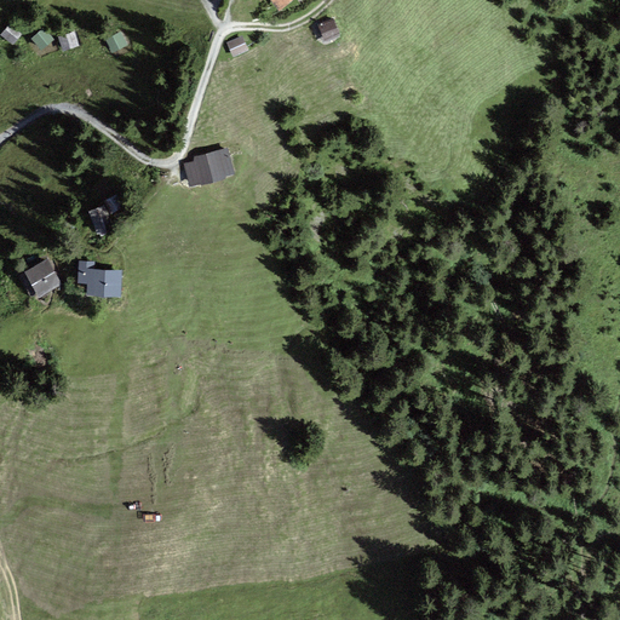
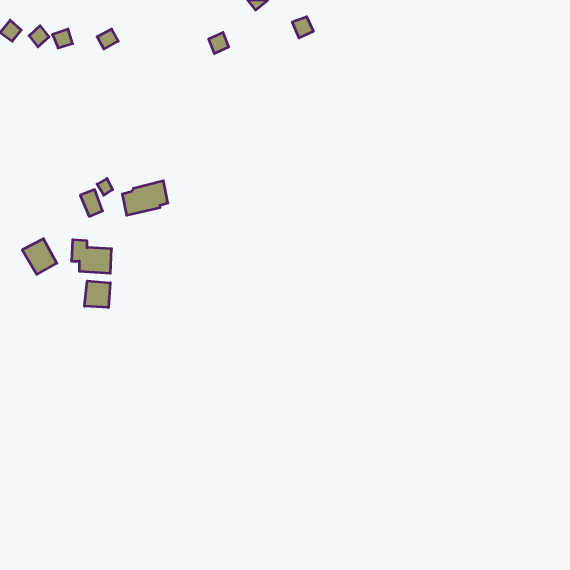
building: [183,149,232,186] -> [122,181,168,215]
building: none -> [85,281,110,308]

